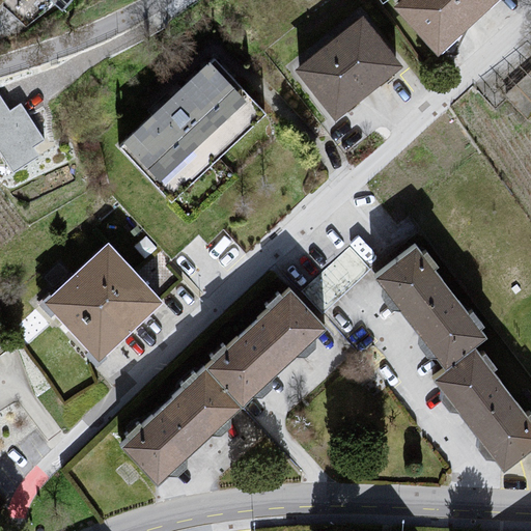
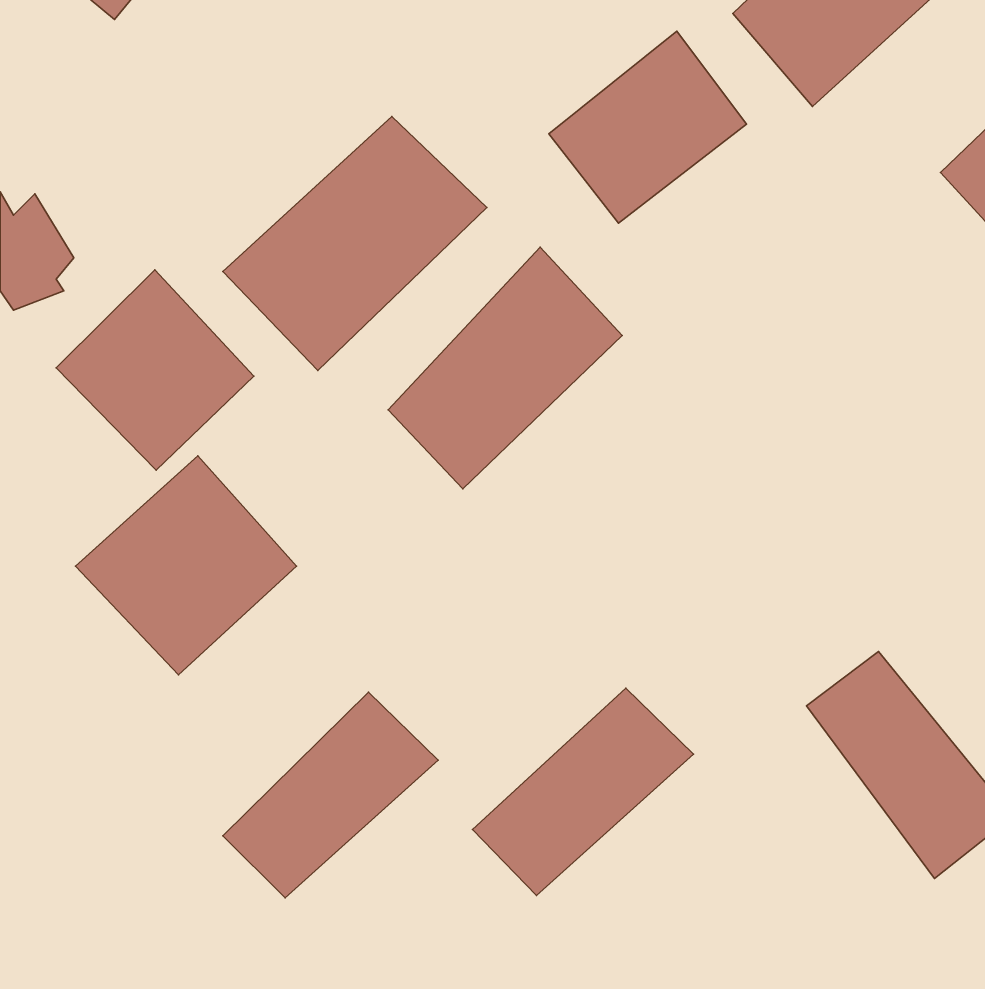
building: none -> [388,247,622,489]
building: none -> [56,270,254,470]
building: [376,248,485,368] -> none
building: [206,291,325,402] -> [473,688,694,896]

